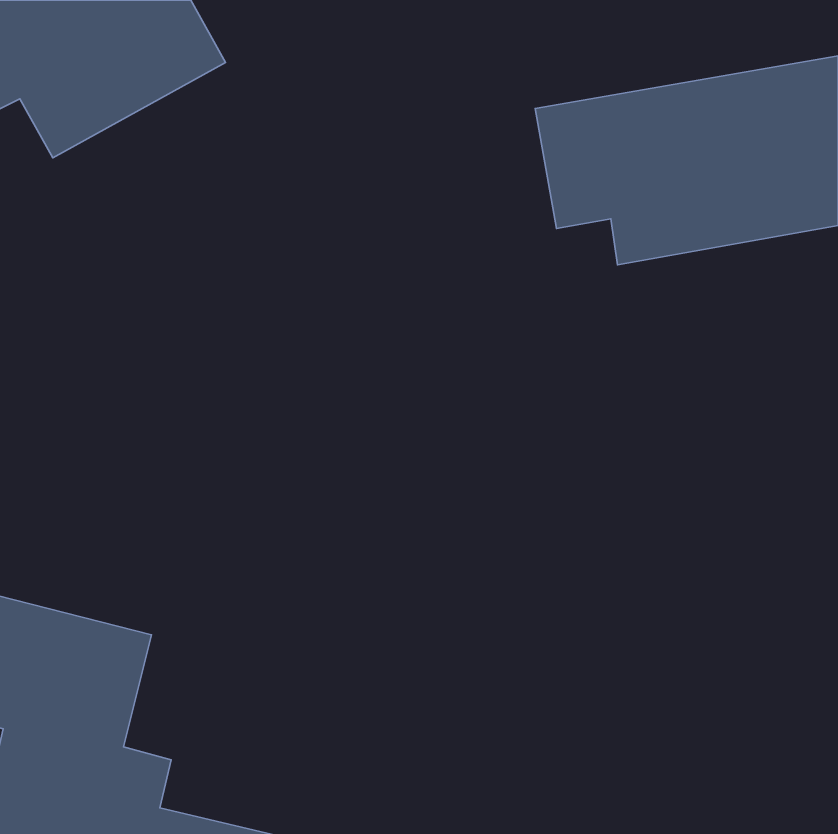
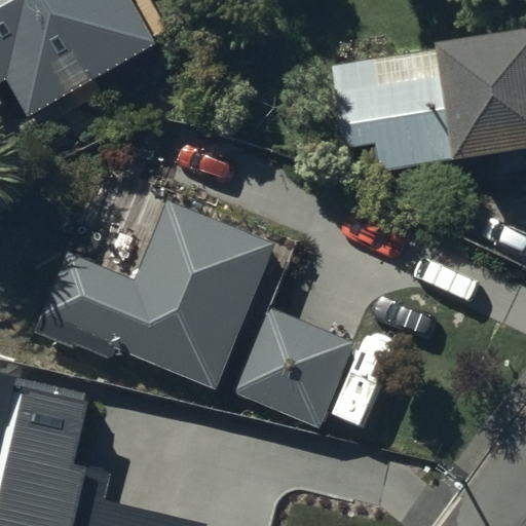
building: none -> [47,210,272,385]
building: none -> [241,315,347,423]

